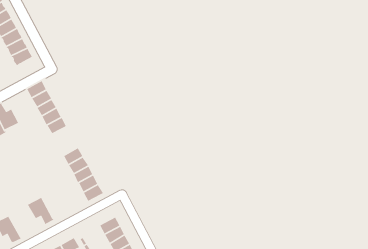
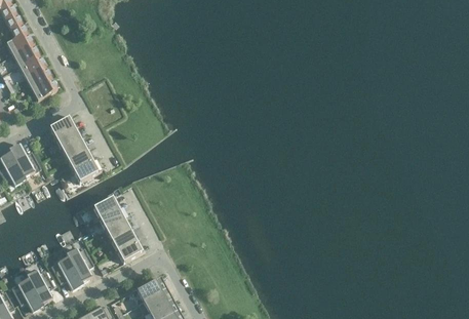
building: none -> [66,246,93,281]
building: none -> [26,268,54,303]

